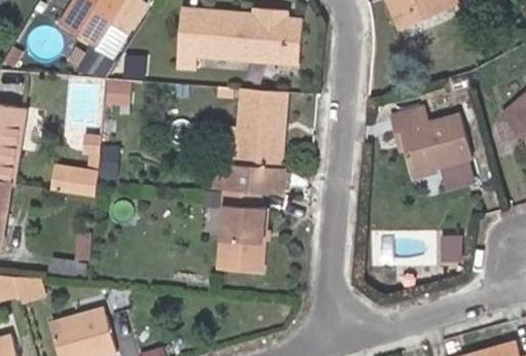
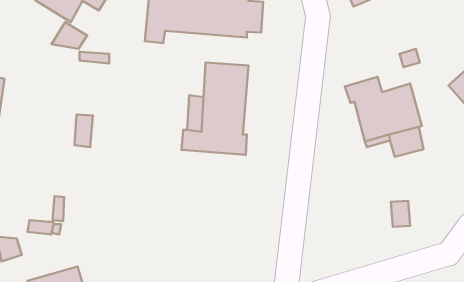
building: [52,135,102,197] -> none
building: [218,190,267,272] -> none

